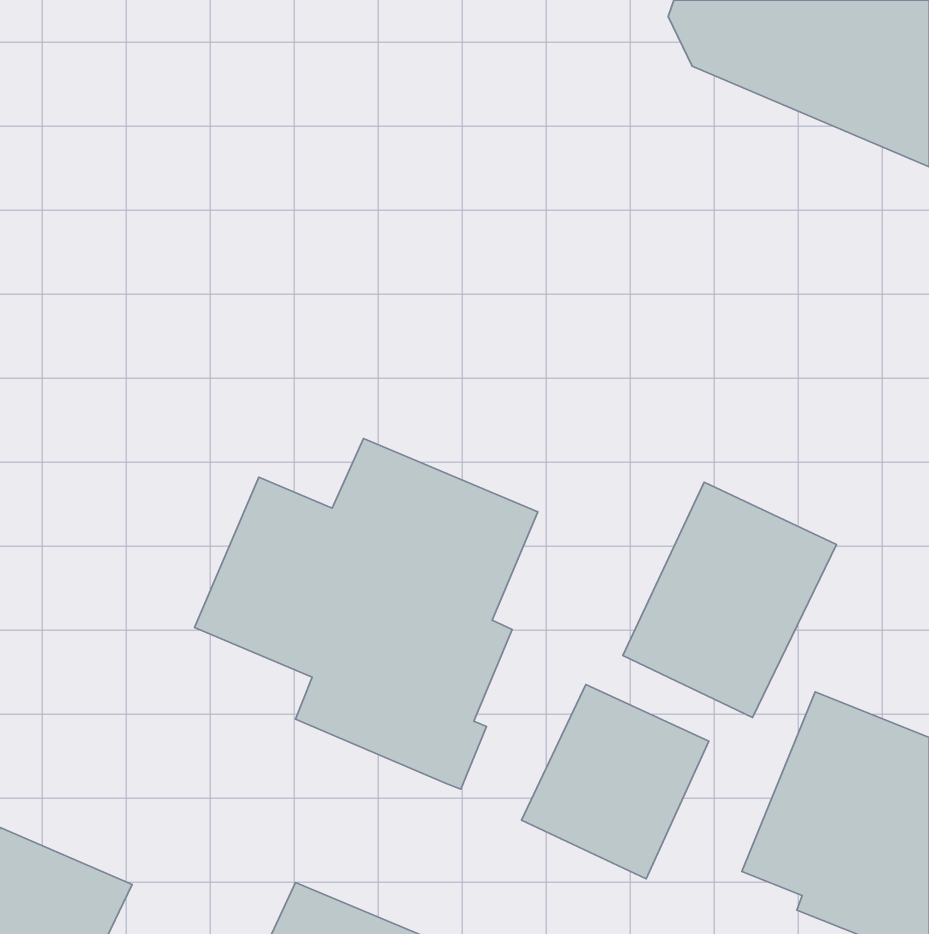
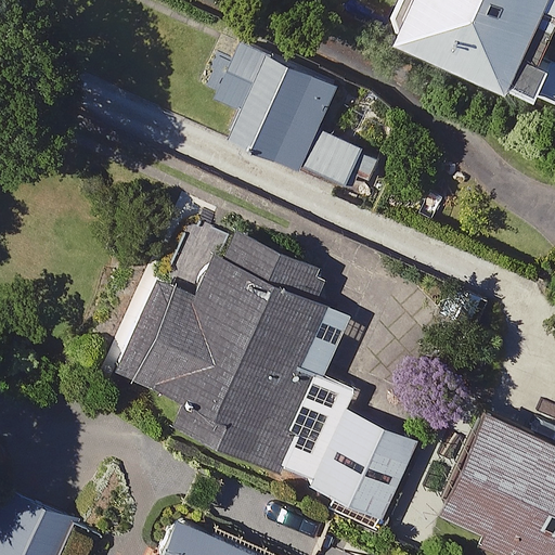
building: none -> [199,43,384,186]
building: [623,482,836,718] -> none

